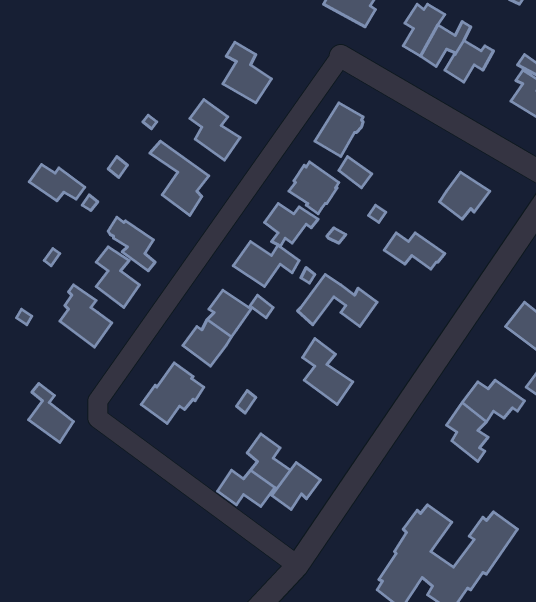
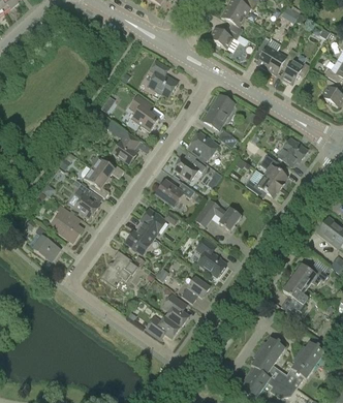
building: [29,164,85,201] -> [91,157,124,179]
building: none -> [259,154,287,187]
building: [29,384,74,442] -> [33,226,60,261]
building: [272,463,321,509] -> [181,276,210,304]

